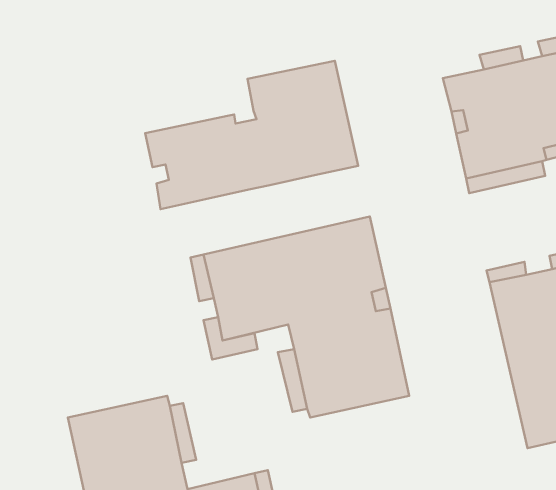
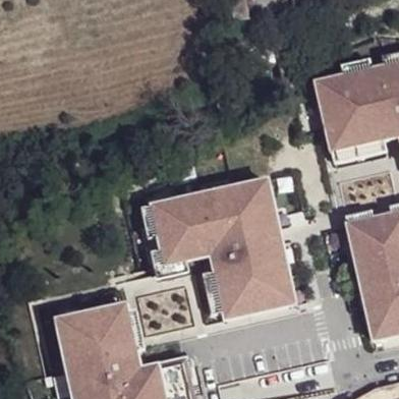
building: [145,61,358,209] -> none

